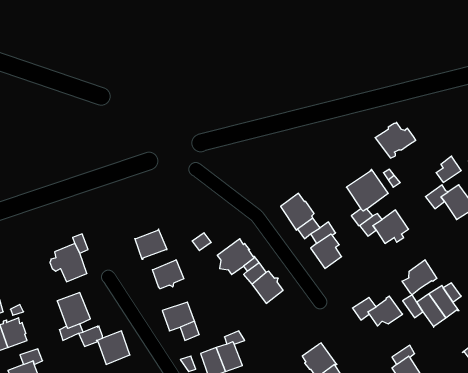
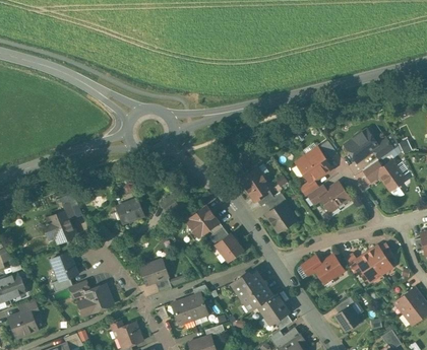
building: [375,122,416,158] -> [344,131,378,161]
building: [152,260,184,289] -> none
building: [402,260,437,295] -> none
building: none -> [231,271,272,311]

